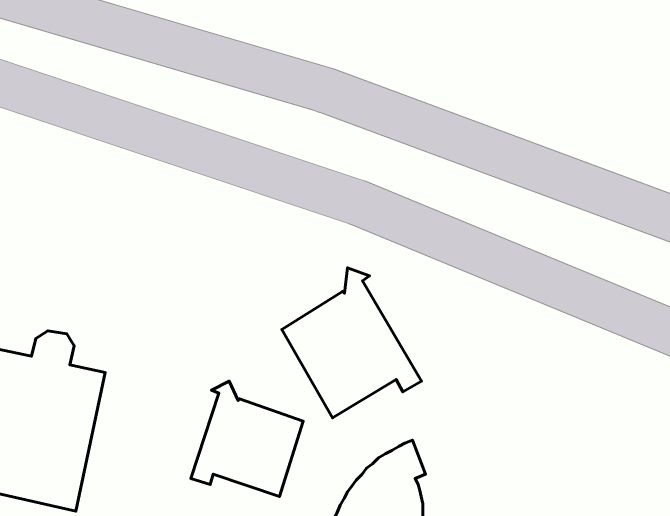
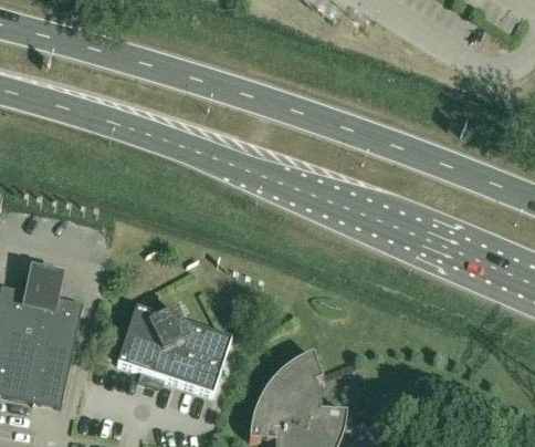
building: [282,268,421,418] -> none
building: none -> [116,305,167,381]

